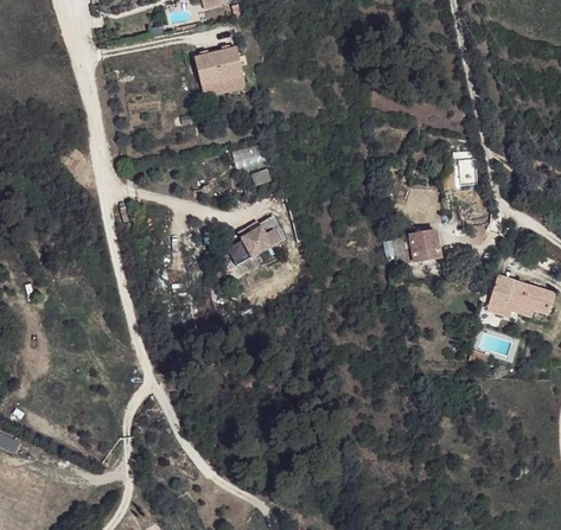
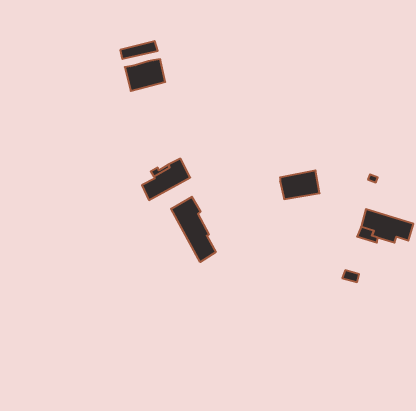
building: [195,46,243,84] -> [125,59,165,91]
building: none -> [171,197,216,262]

